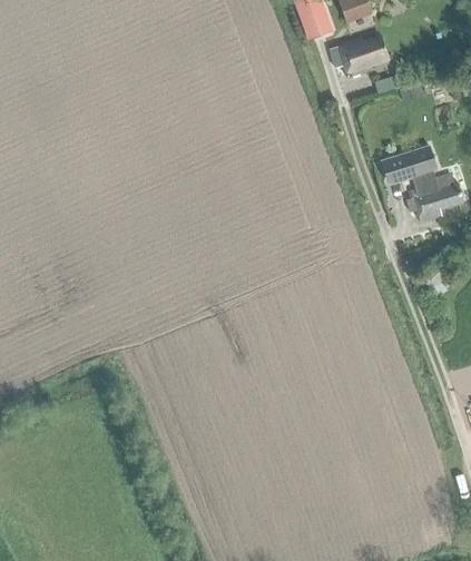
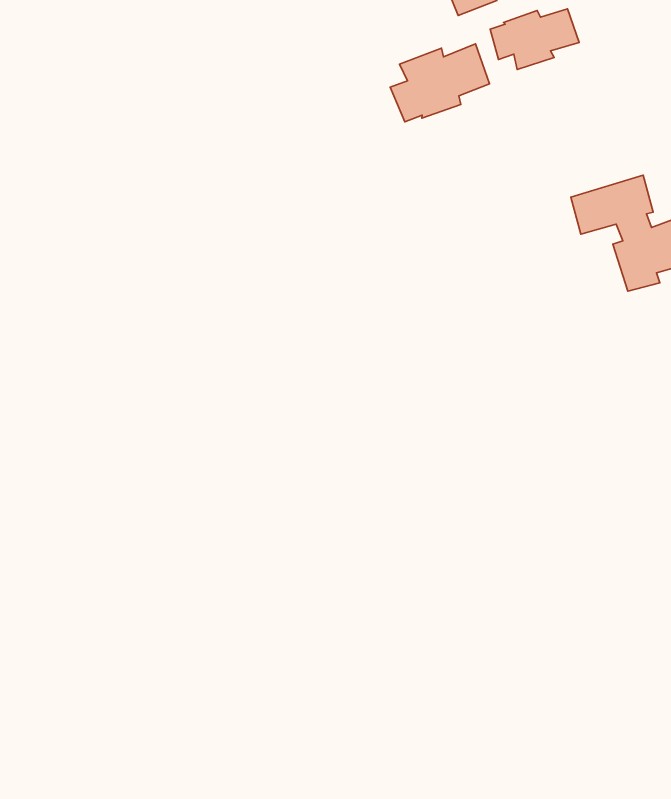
building: none -> [390,44,489,122]

